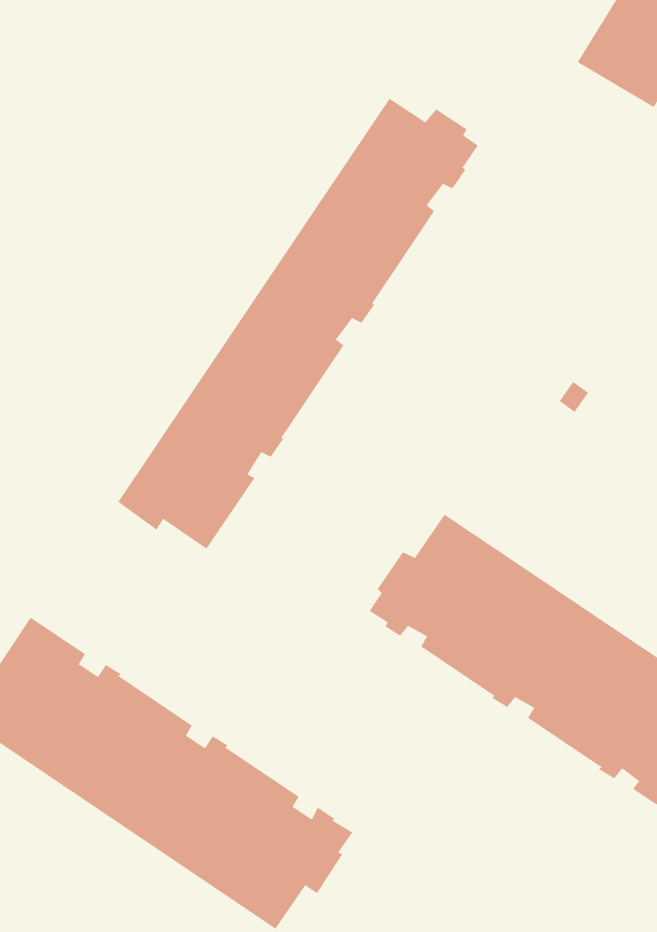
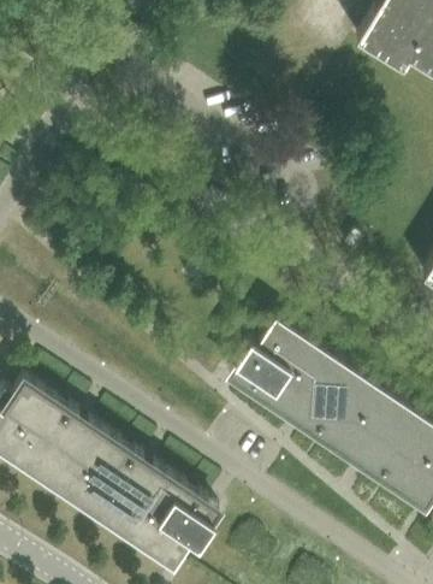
building: [118,98,478,549] -> none

